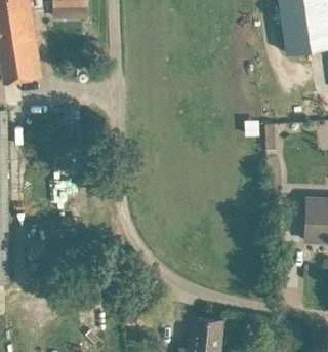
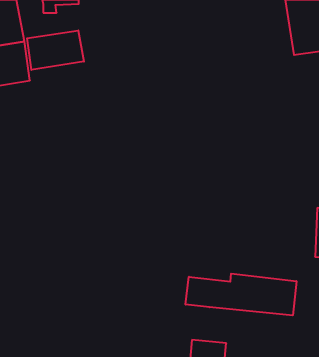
building: none -> [27,30,84,70]
building: none -> [186,274,296,315]

